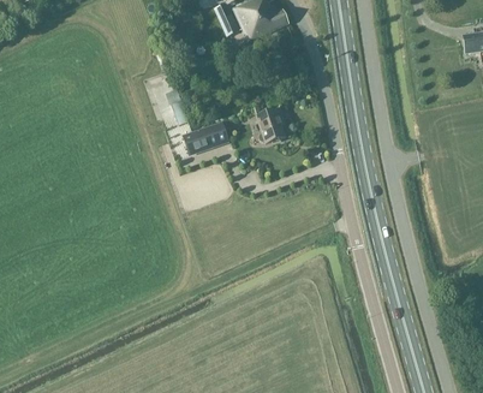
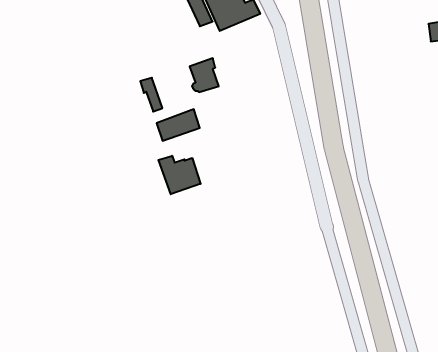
building: [256,107,286,142] -> [190,58,219,92]
building: none -> [158,156,201,194]

